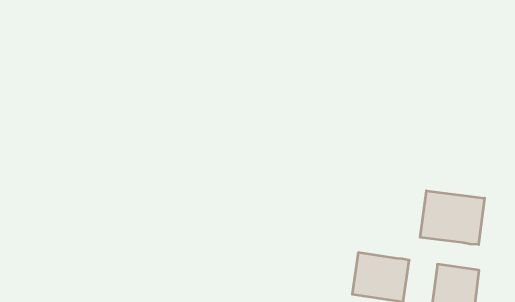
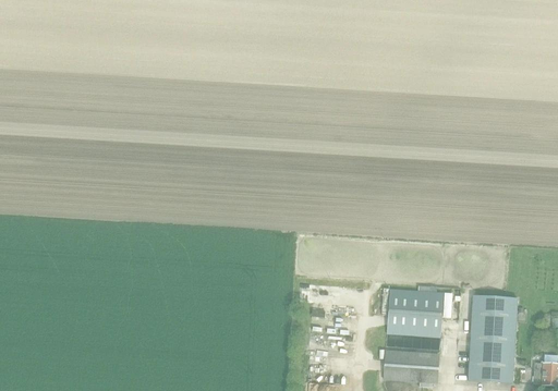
building: [420,191,485,245] -> none

